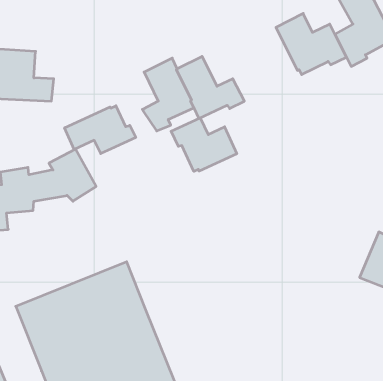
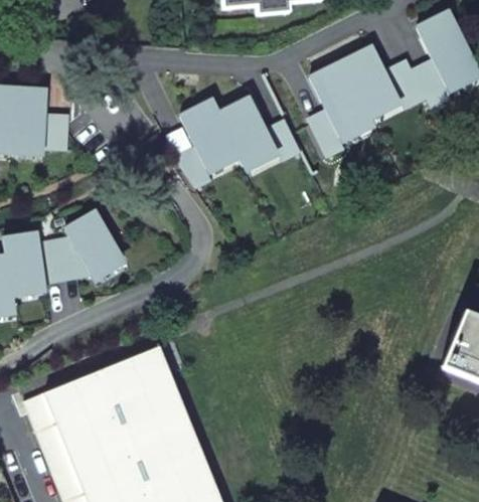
building: none -> [306,62,374,159]
building: [65,106,136,154] -> none
building: [171,118,237,171] -> none

